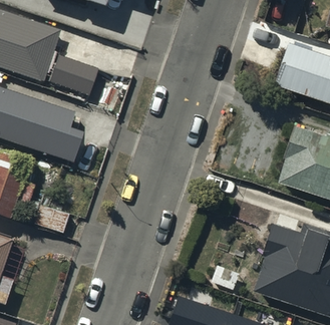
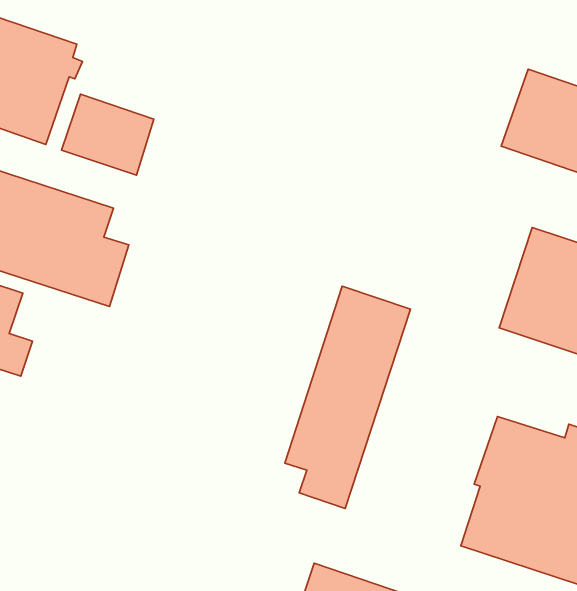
building: none -> [285,286,411,509]

